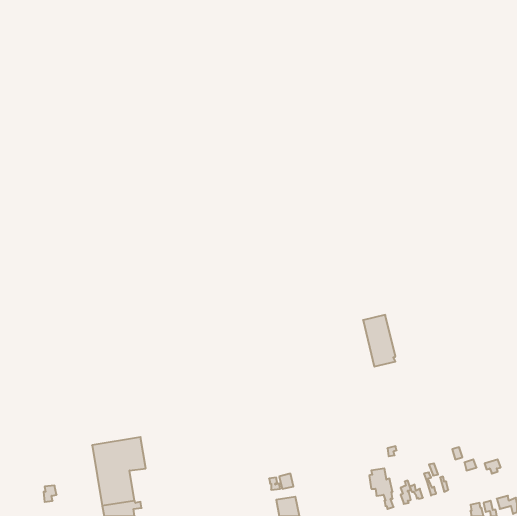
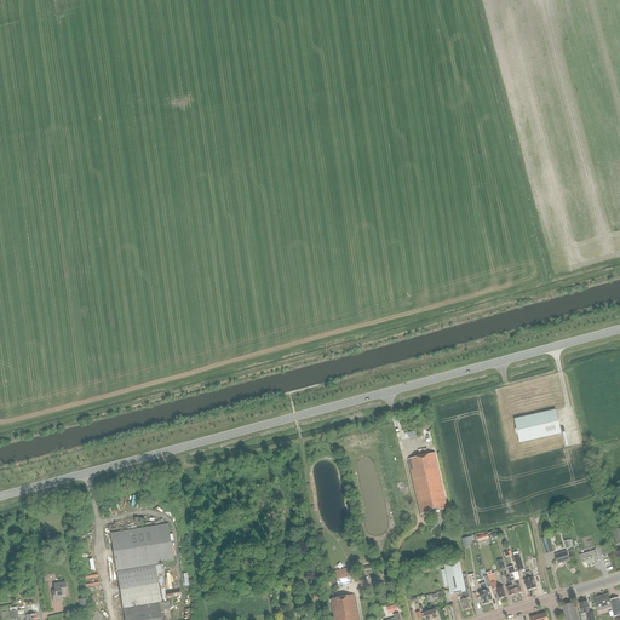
building: [363,315,395,367] -> [408,452,447,513]
building: none -> [515,409,561,442]

